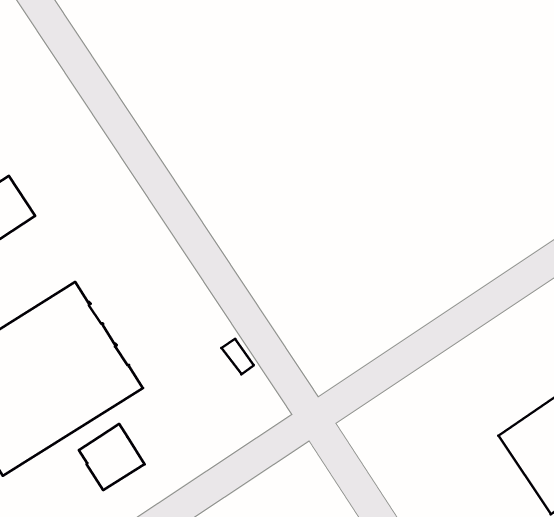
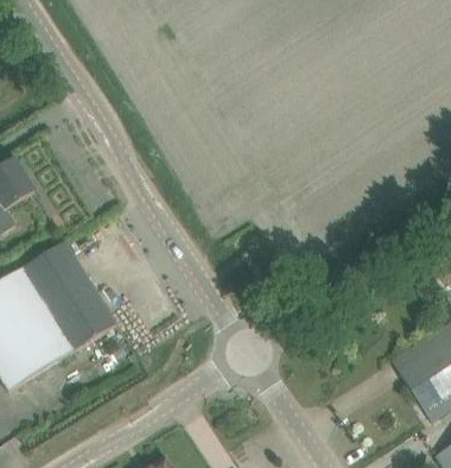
building: [79,424,145,490] -> none

